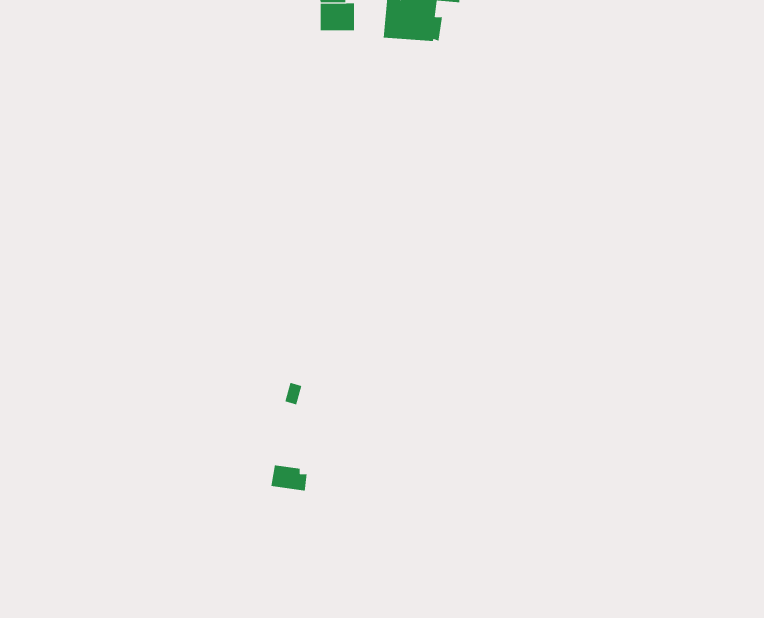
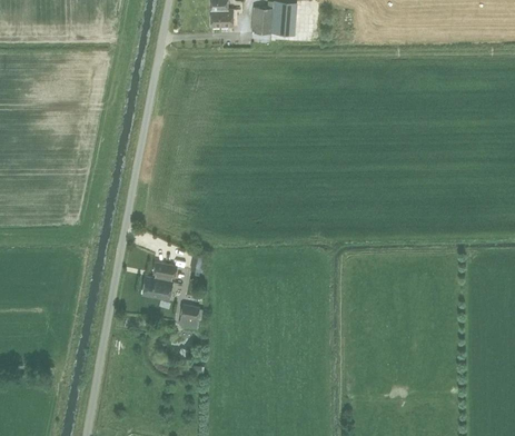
building: none -> [143,262,177,299]

